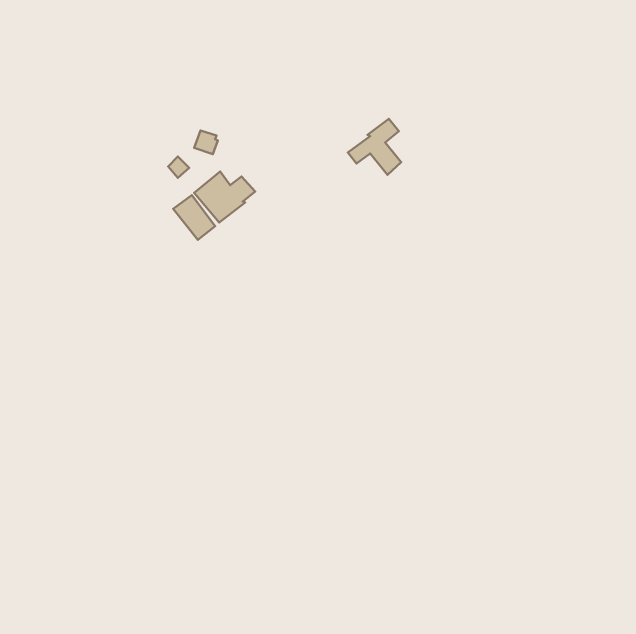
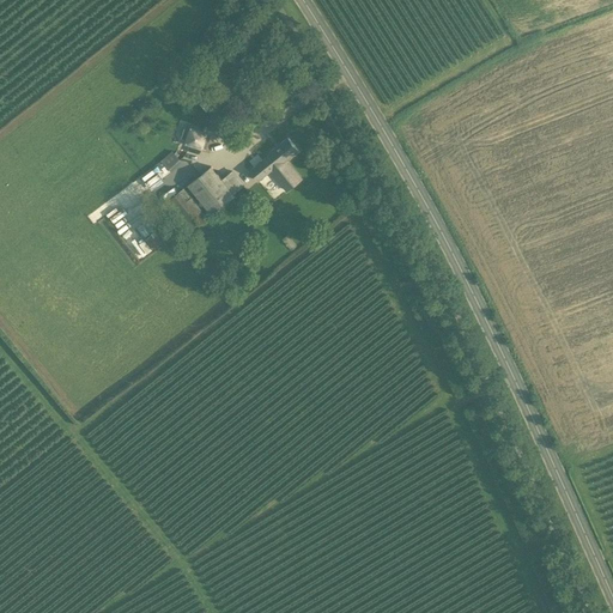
building: [348,119,401,175] -> [249,139,301,193]

